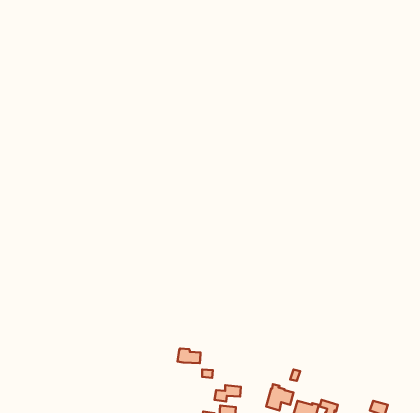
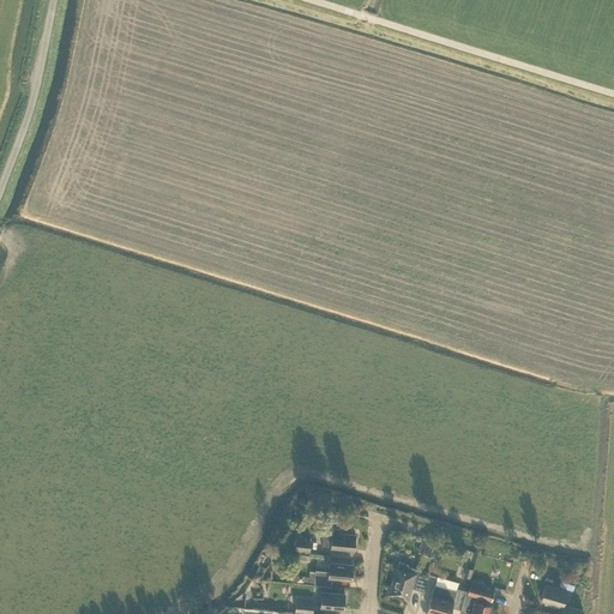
building: [178,348,201,363] -> [321,537,355,559]

